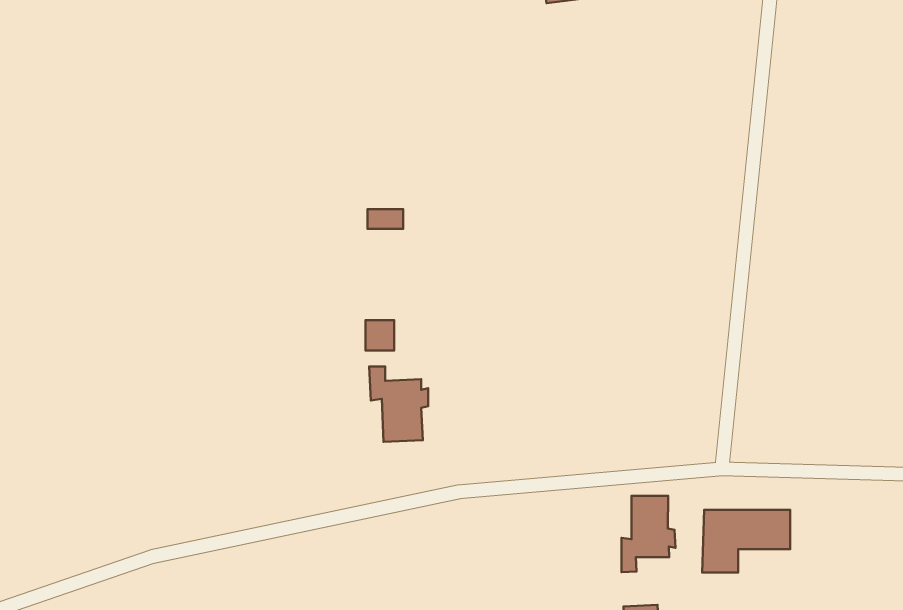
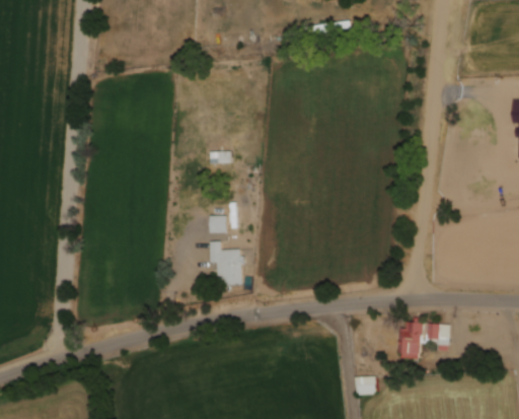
building: [621,496,675,572] -> none

